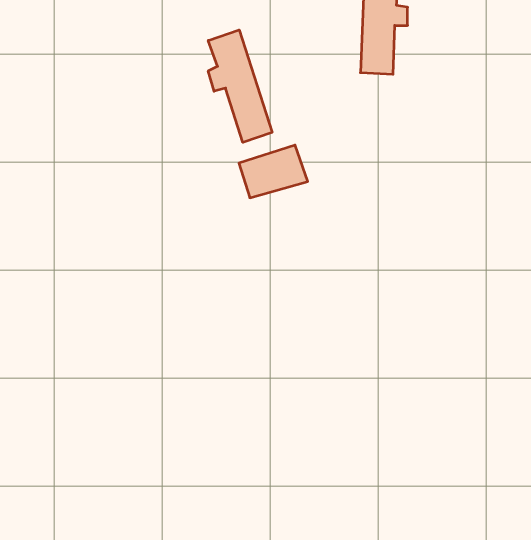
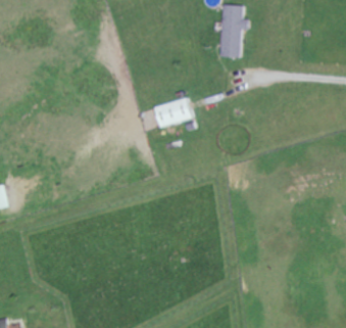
building: [208,30,272,142] -> none

